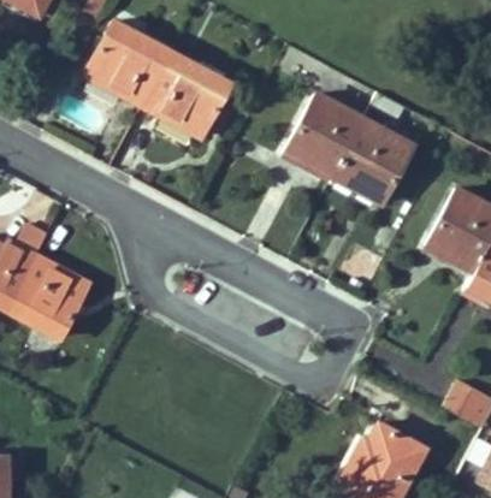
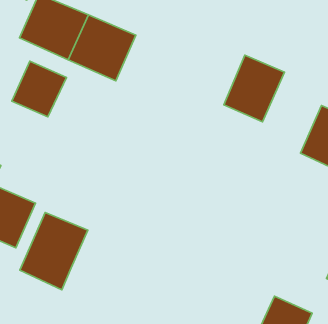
building: [285,93,366,179] -> none
building: none -> [12,61,66,117]
building: none -> [20,212,88,290]

